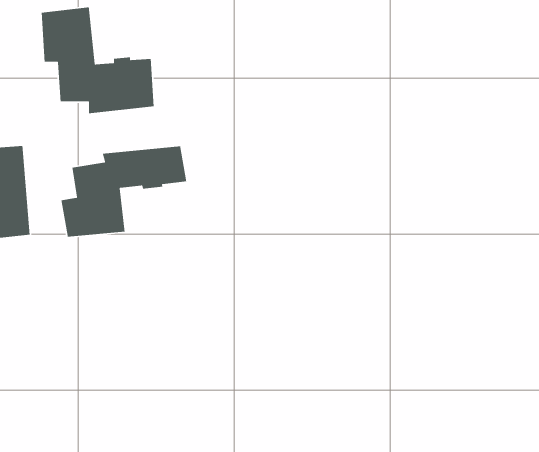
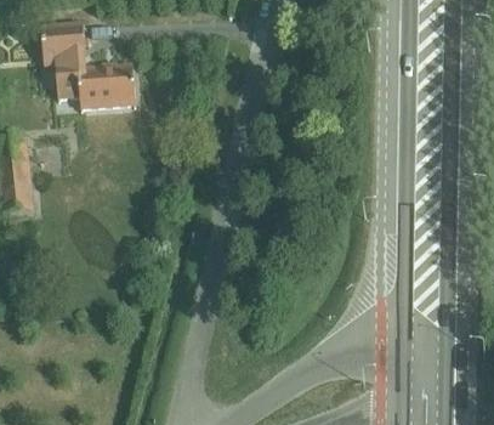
building: [61,145,187,237] -> none

